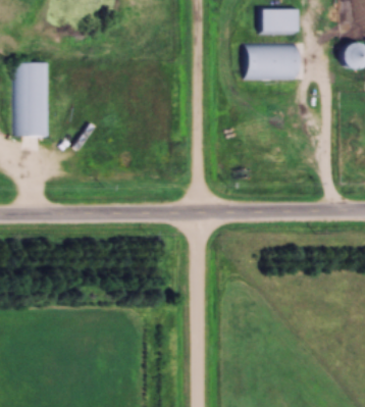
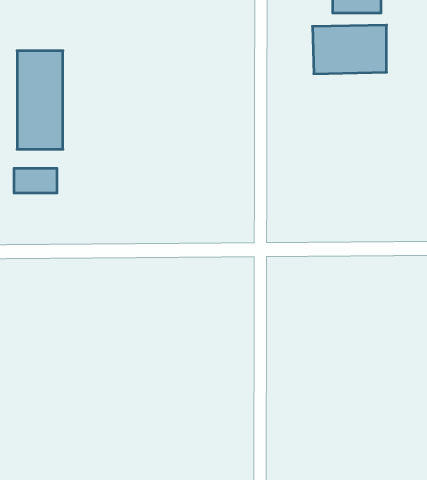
building: none -> [14,168,57,193]

